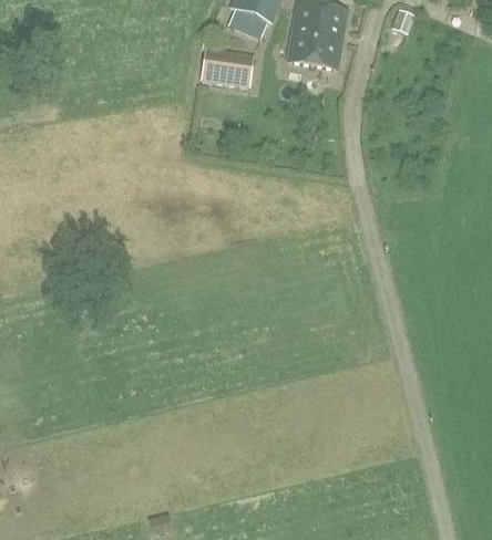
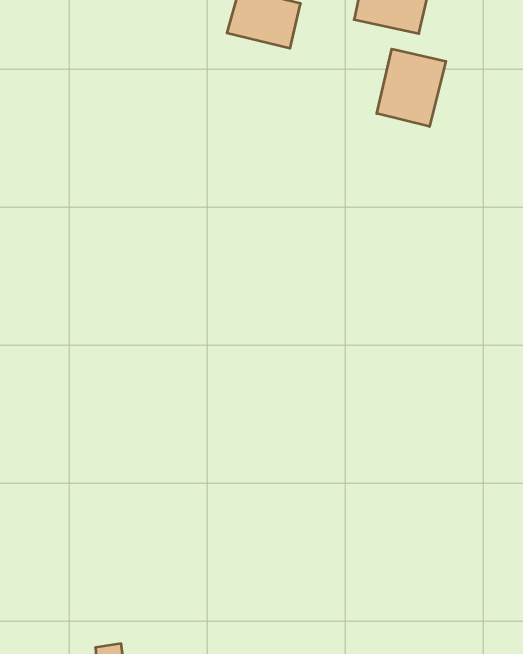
building: none -> [377,49,446,127]

